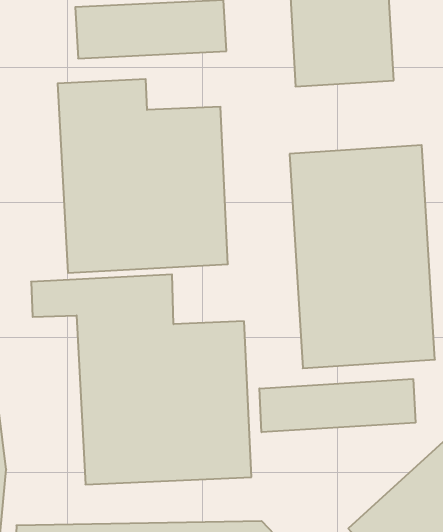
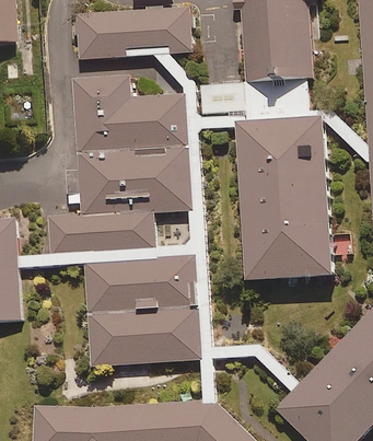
building: [259,379,415,432] -> none

